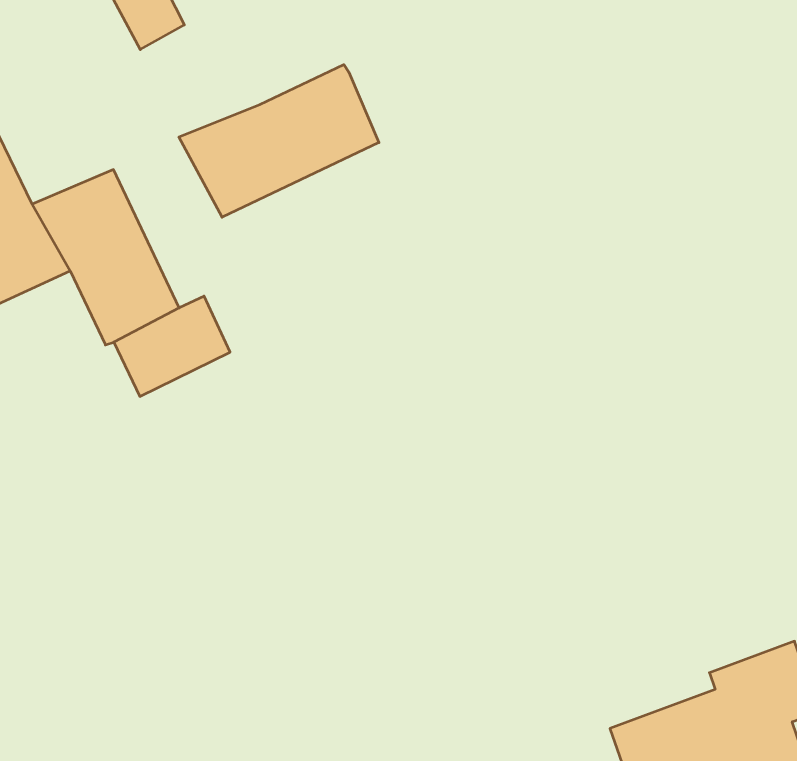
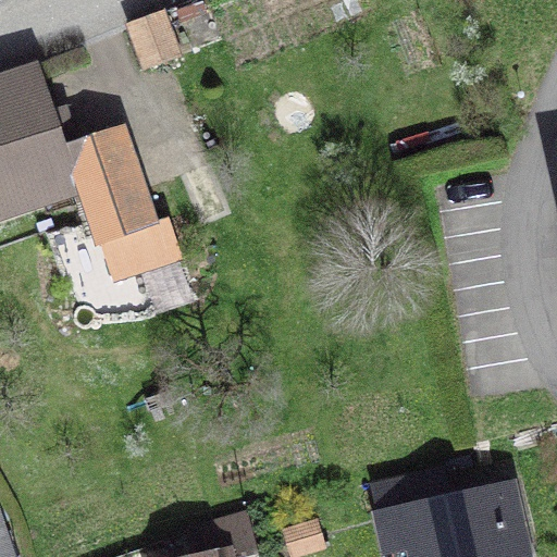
building: [179,65,379,217] -> none

